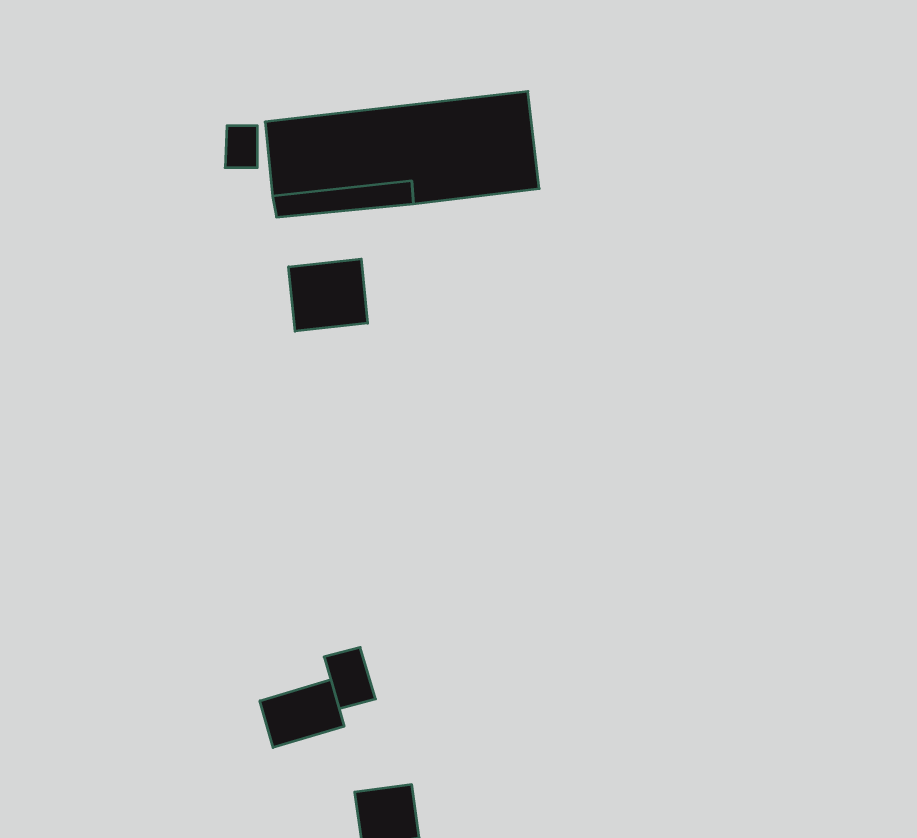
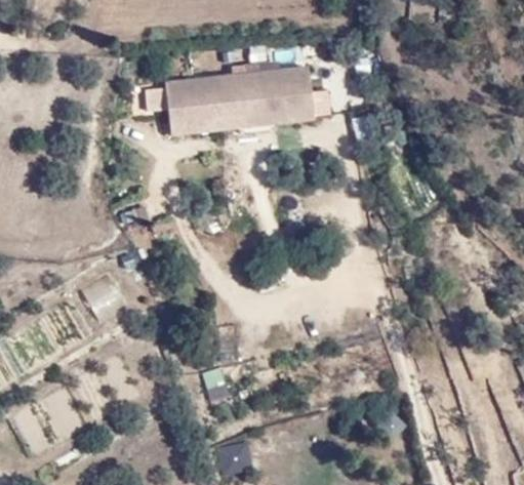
building: [289,259,368,331] -> none
building: [260,680,344,748] -> none

